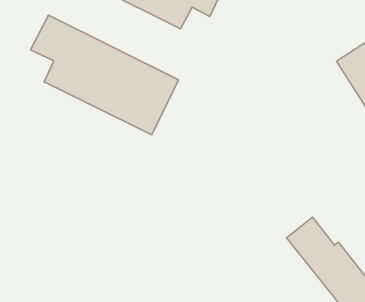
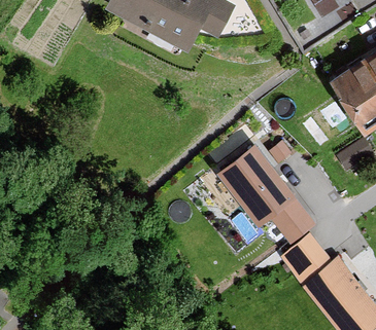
building: [31,15,179,135] -> none
building: none -> [226,149,315,241]

